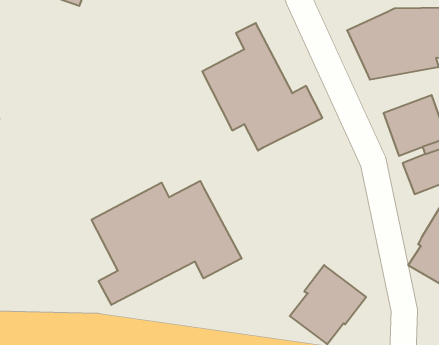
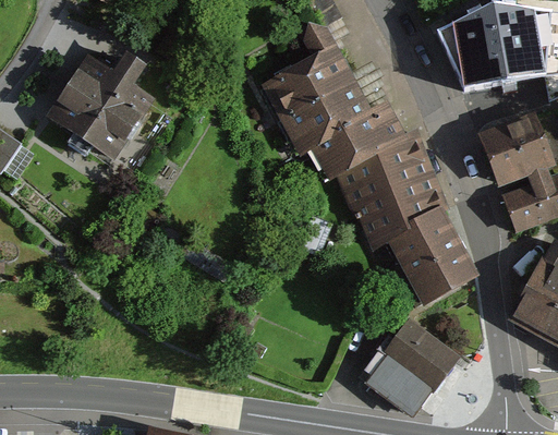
building: none -> [49,55,155,160]
building: none -> [337,136,476,305]
building: [92,181,242,305] -> none

